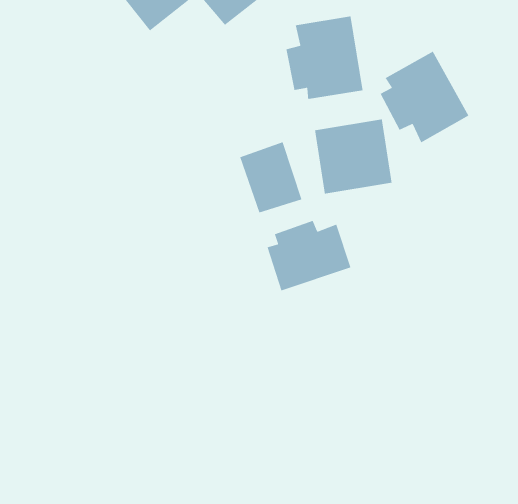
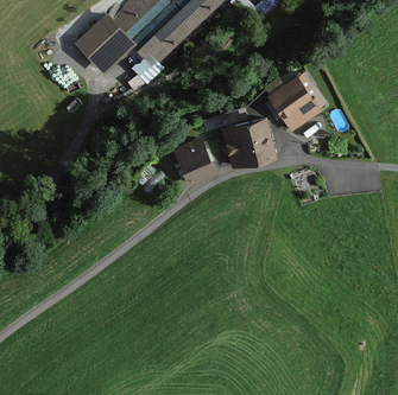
building: [286,16,364,100] -> none
building: [266,220,351,291] -> none

